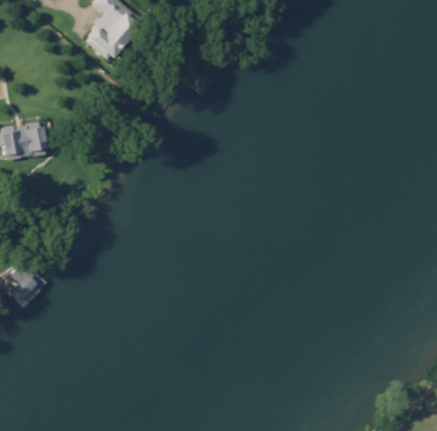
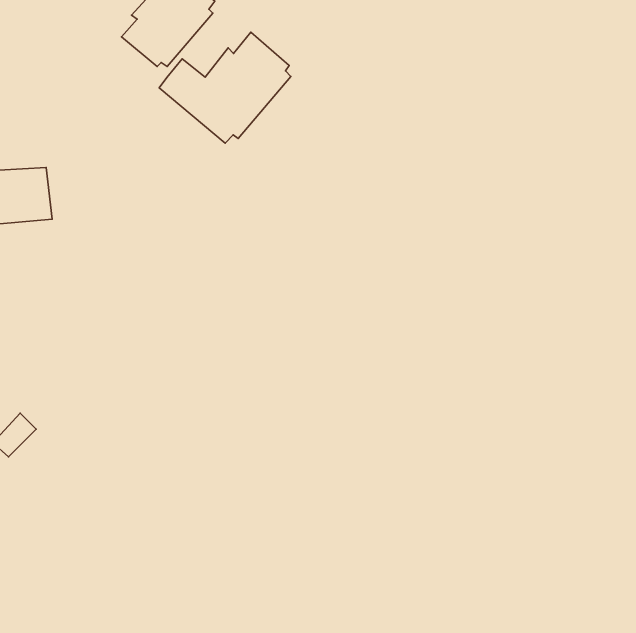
building: none -> [159,32,291,143]

